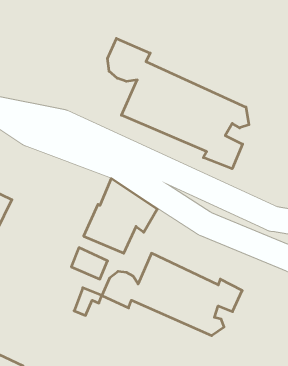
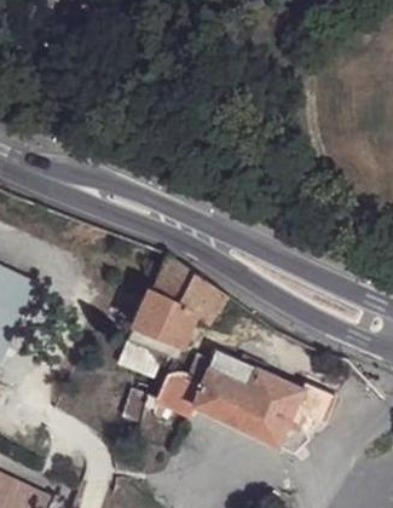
building: [108,38,249,169] -> none

